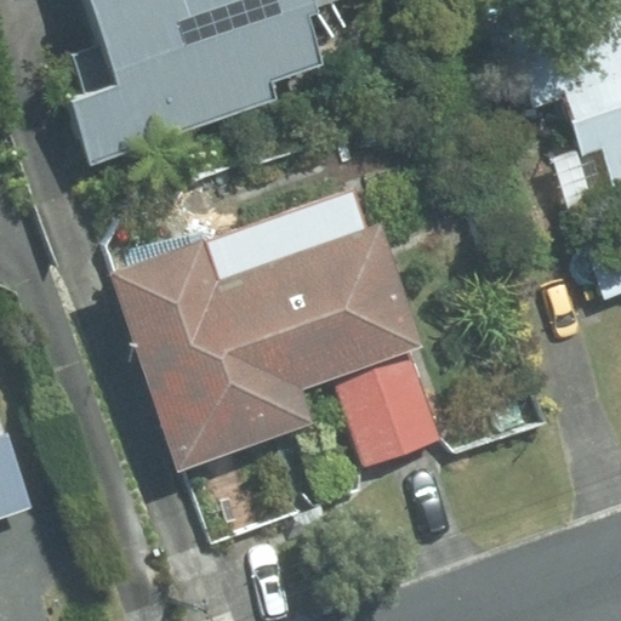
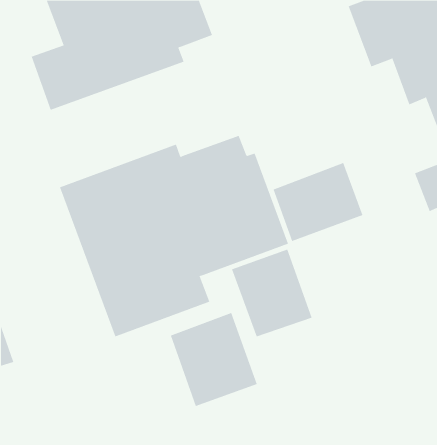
building: none -> [273,162,363,242]
building: none -> [170,312,257,407]

